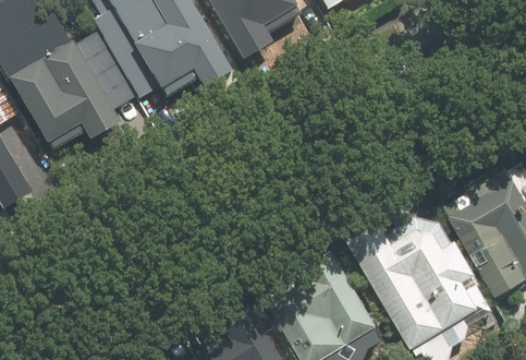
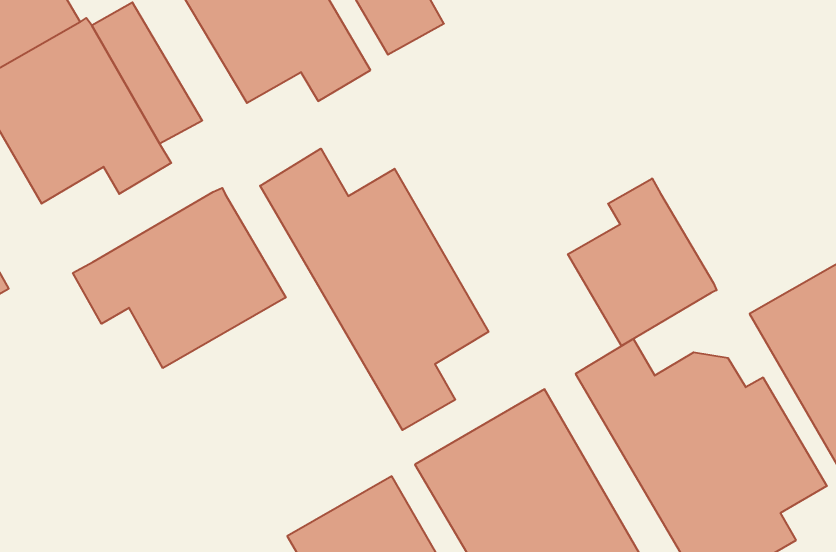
building: none -> [260,149,488,430]
building: none -> [568,178,717,346]
building: none -> [73,188,286,368]

